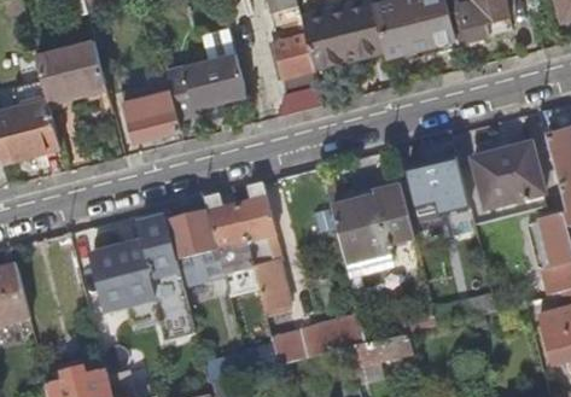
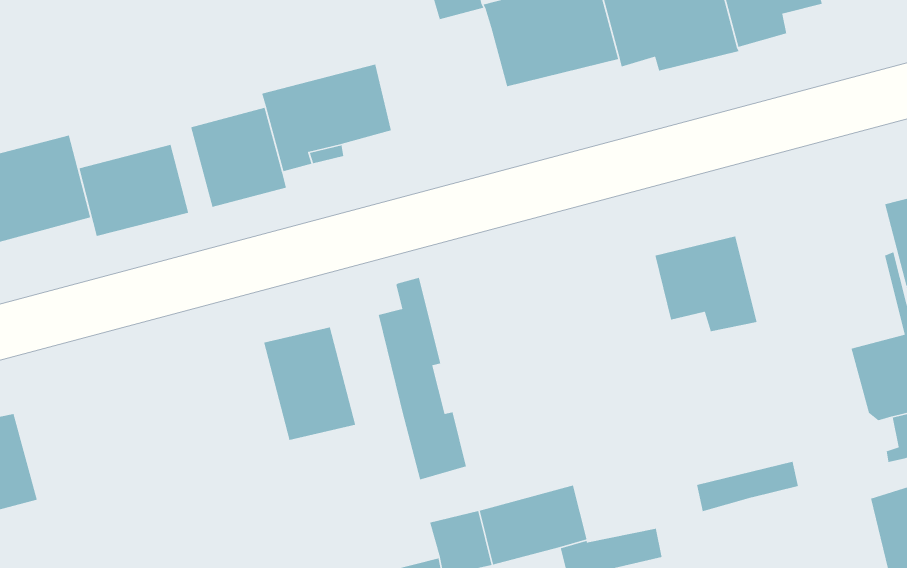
building: [273,29,320,92] -> none
building: [37,37,105,94] -> [78,144,189,237]
building: [471,136,542,208] -> none
building: [331,183,413,272] -> none
building: [204,193,252,275] -> none
building: [93,218,196,340] -> none

